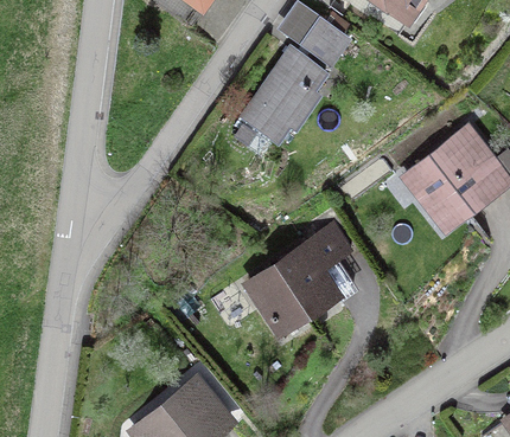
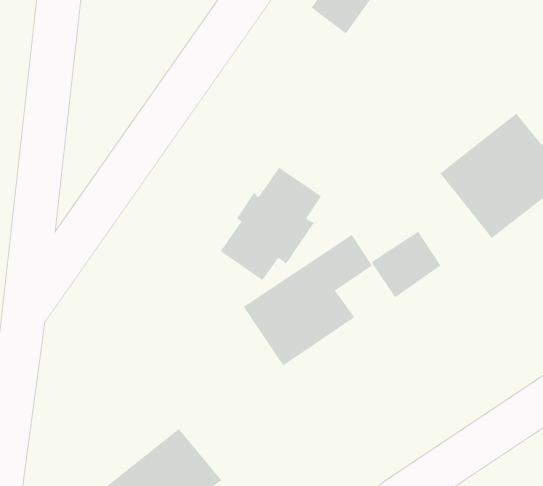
building: [243,47,325,139] -> [220,167,322,281]
building: none -> [371,231,441,298]

